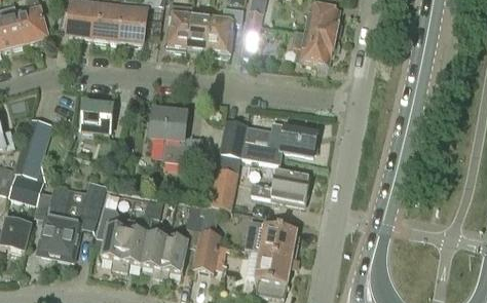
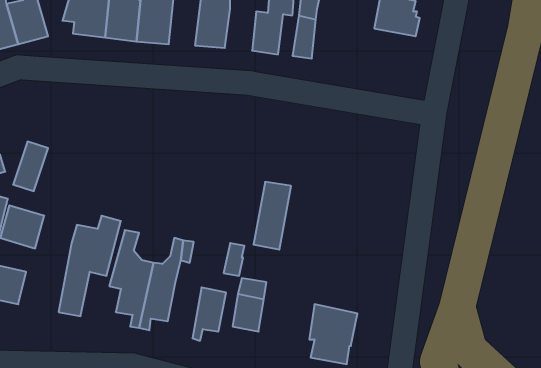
building: [187,16,212,49] -> none
building: [291,30,338,65] -> none
building: [81,102,113,132] -> none
building: [150,110,200,163] -> none
building: [219,120,317,161] -> none
building: [251,172,309,202] -> none
building: [38,184,70,256] -> none
building: [244,220,297,257] -> none
building: [142,232,168,276] -> none

